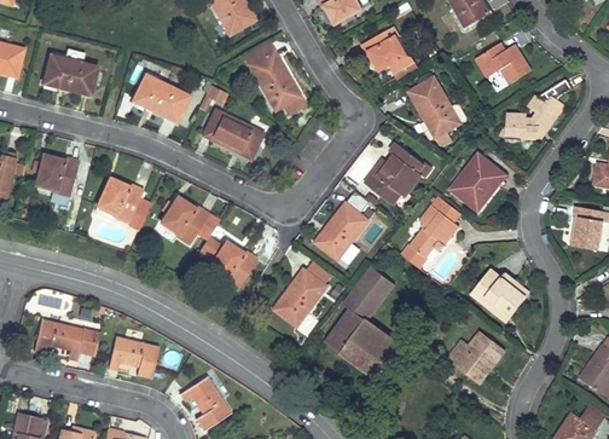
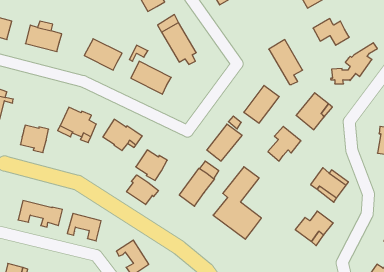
building: [362,27,416,79] -> none
building: [36,155,79,196] -> [20,125,49,153]
building: none -> [127,175,158,205]

